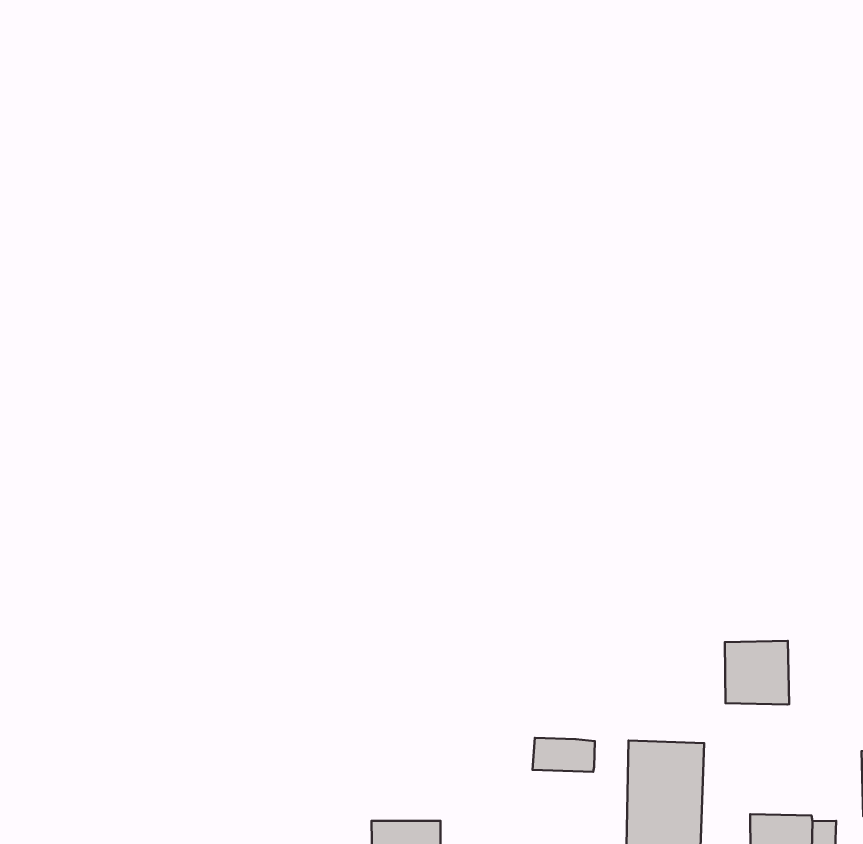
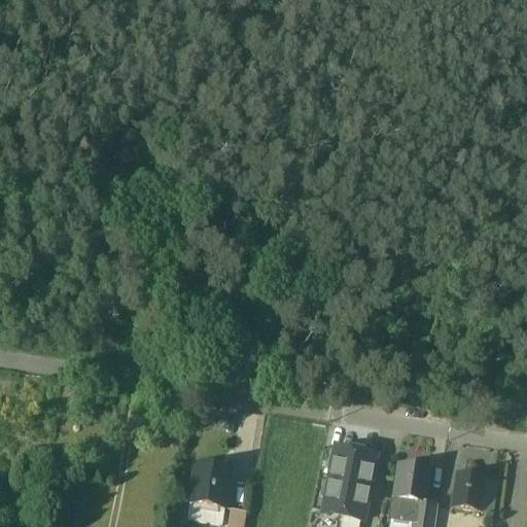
building: [725,641,789,704] -> [393,460,431,498]
building: [533,738,595,772] -> none

